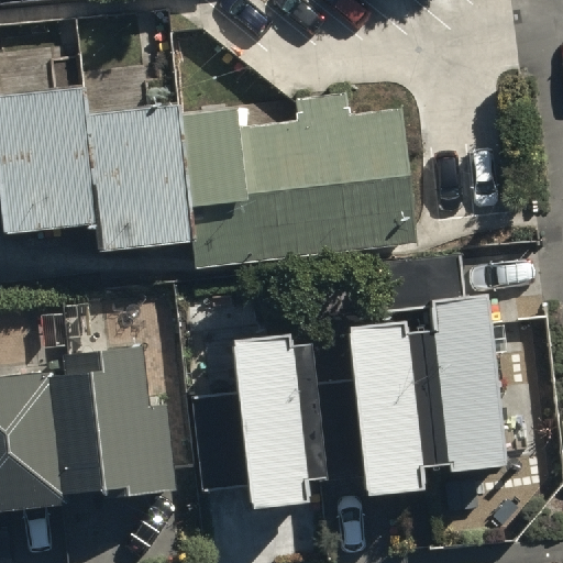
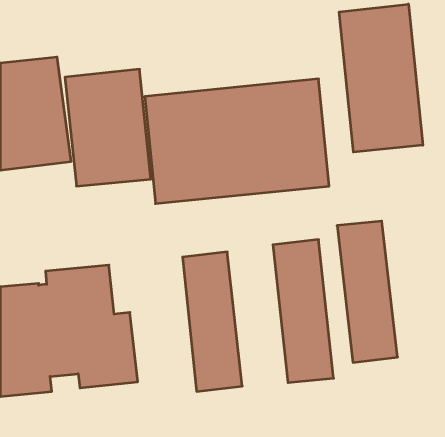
building: none -> [339,4,423,152]

